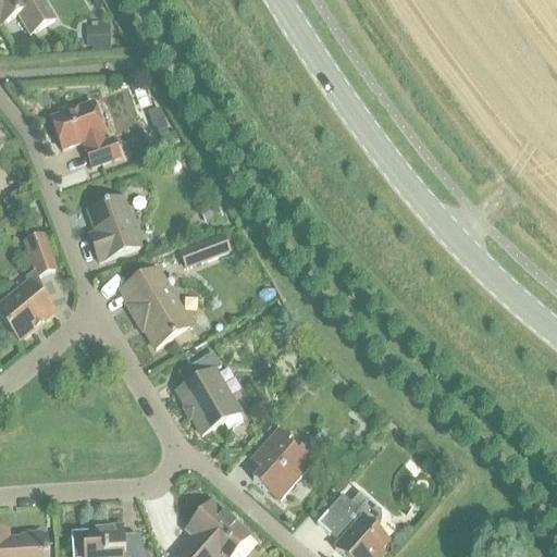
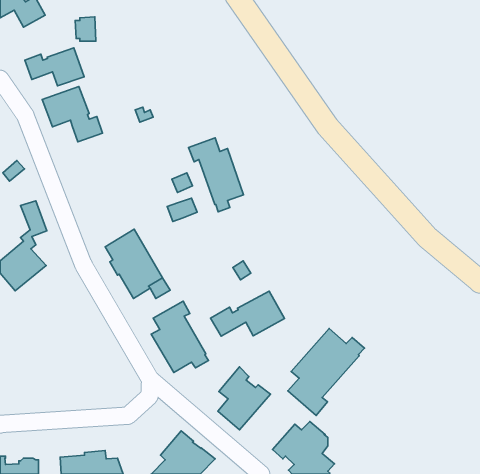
building: none -> [25,48,84,86]
building: none -> [189,138,244,212]
building: [87,195,139,259] -> none
building: none -> [211,291,285,336]
building: none -> [288,329,365,415]

